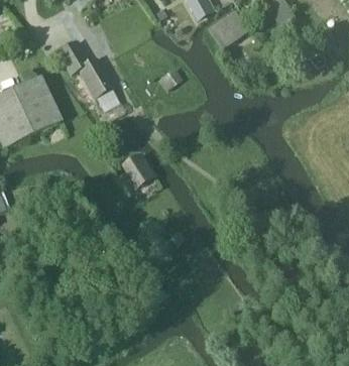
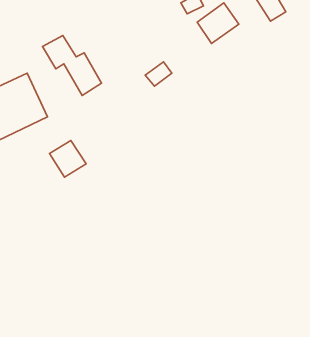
building: [121,152,157,189] -> [49,140,86,177]

